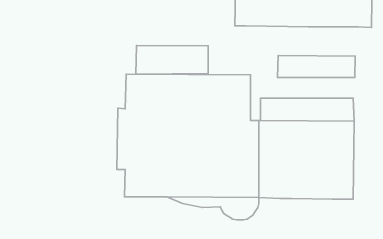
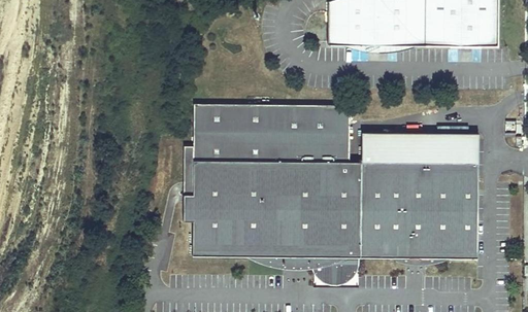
building: [136,45,208,74] -> none
building: [277,55,355,78] -> none

